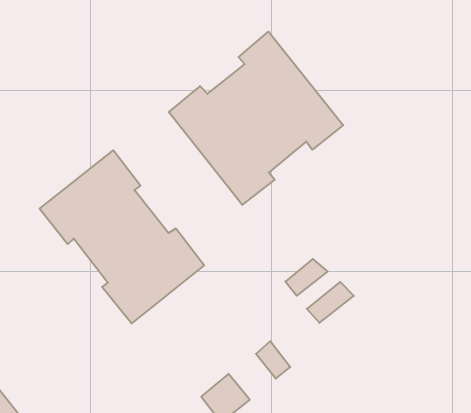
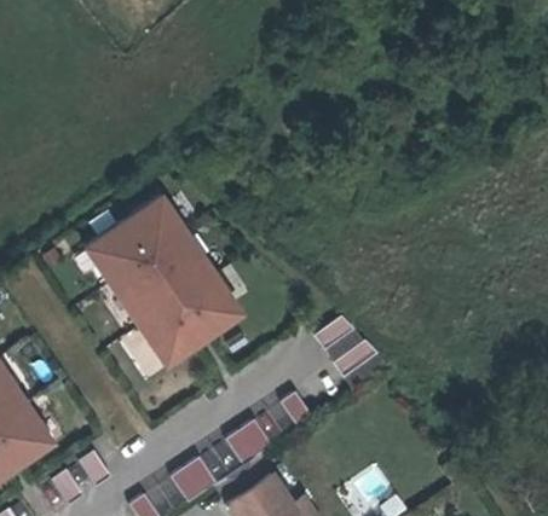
building: [169,32,343,205] -> none

